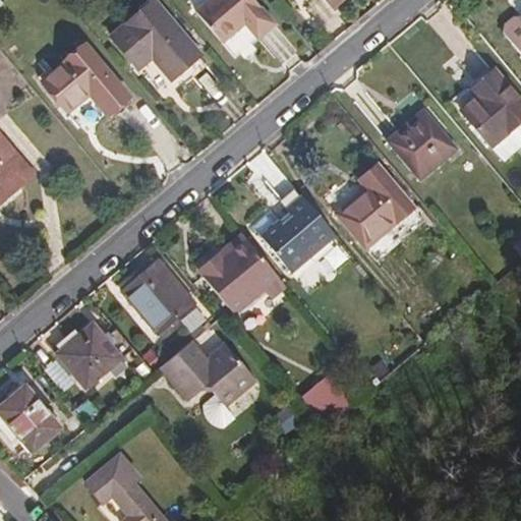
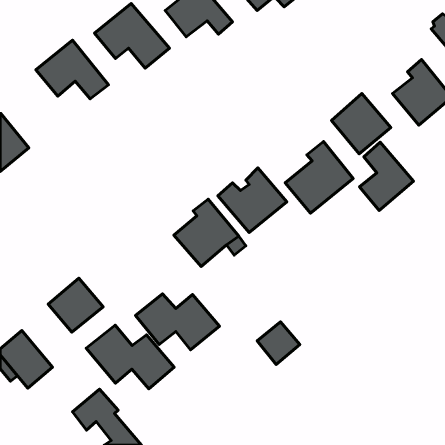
building: none -> [360,142,414,210]
building: [123,263,194,334] -> none
building: none -> [86,325,174,389]

